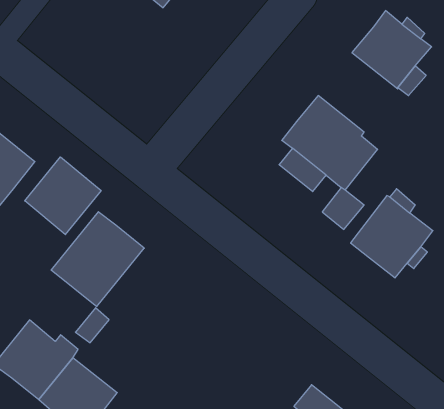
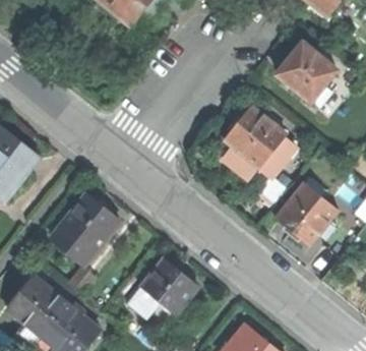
building: [25,157,101,235] -> none
building: none -> [130,258,198,314]

